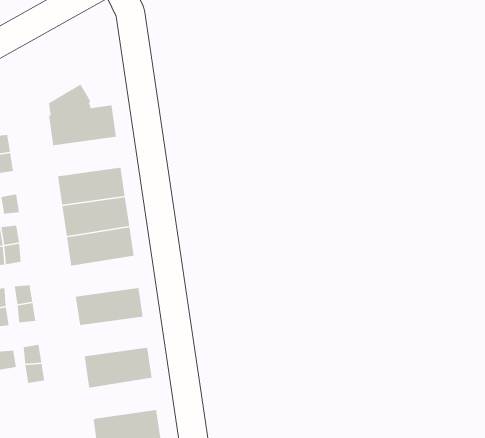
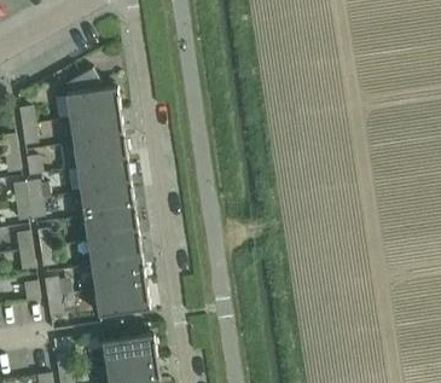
building: none -> [69,112,124,144]
building: none -> [83,209,139,242]
building: none -> [91,259,146,290]

